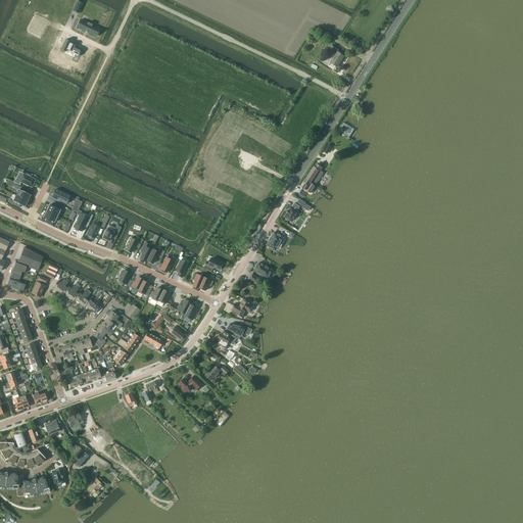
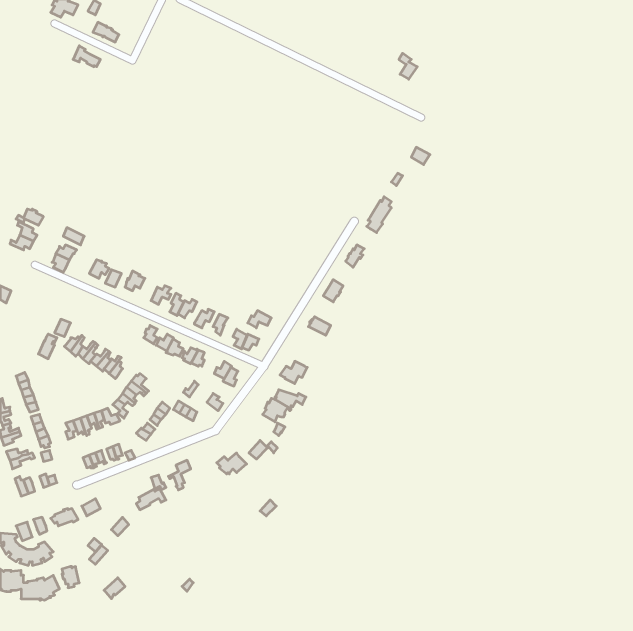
building: [7,246,43,290] -> none

